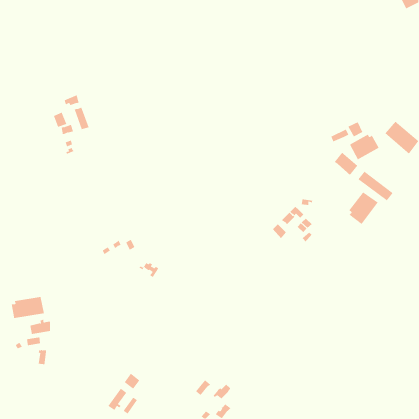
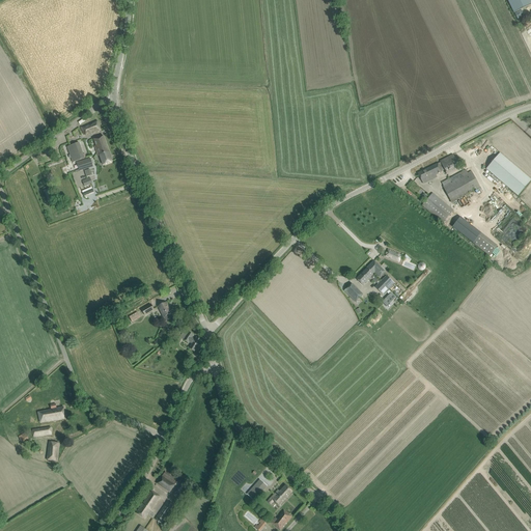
building: [349,191,378,225] -> none
building: [11,296,44,319] -> none

